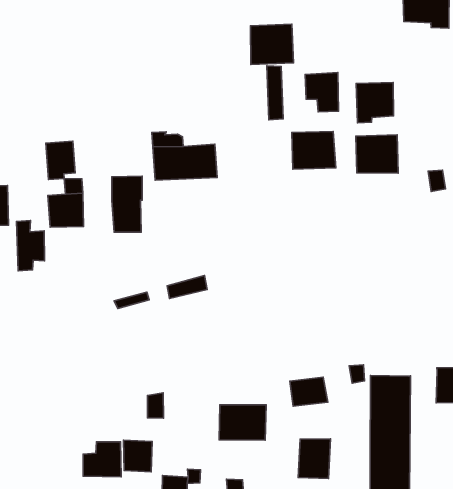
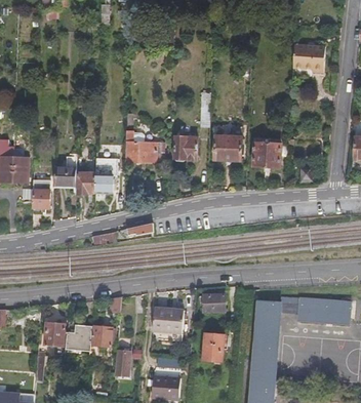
building: [251,24,293,64] -> none
building: [305,73,339,112] -> none
building: [356,83,394,123] -> none
building: none -> [173,136,197,161]
building: [46,141,75,180] -> [78,171,95,195]
building: none -> [43,322,64,345]

